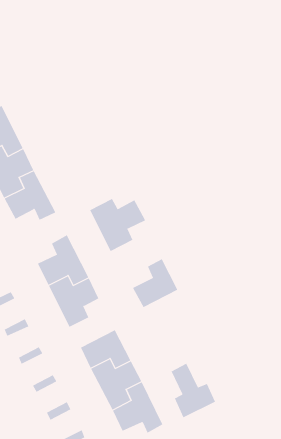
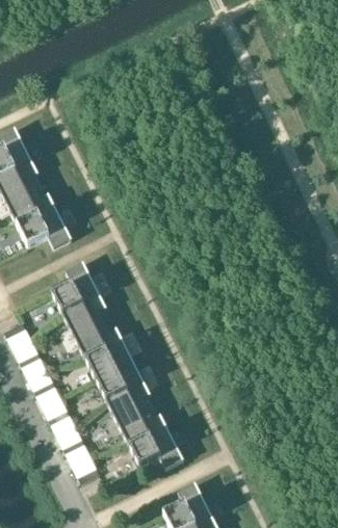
building: [90,198,145,252] -> none
building: [132,259,178,308] -> [86,328,134,379]
building: [171,363,217,418] -> none

